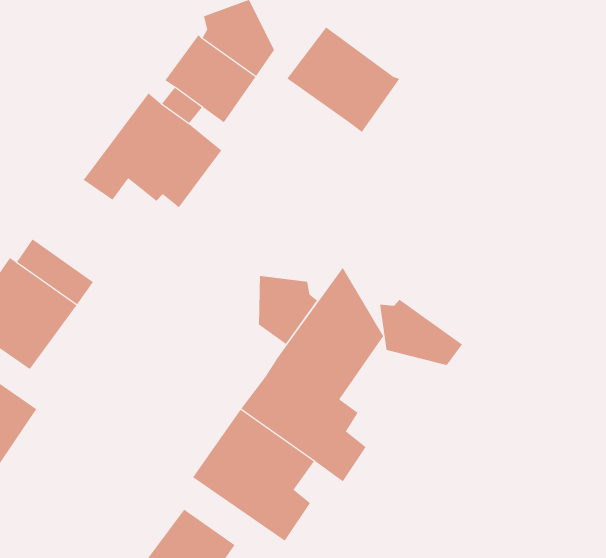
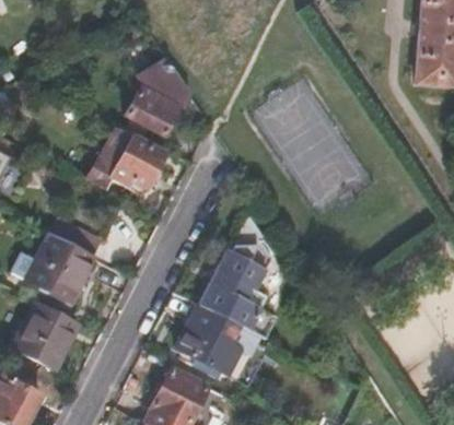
building: [287,26,400,133] -> none
building: [259,275,318,345] -> none
building: [380,299,463,366] -> none

